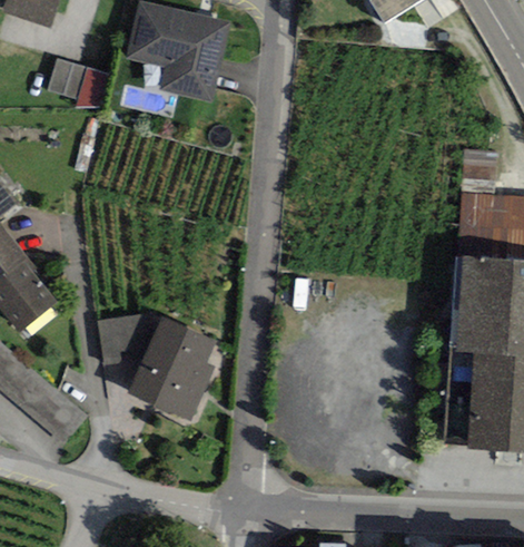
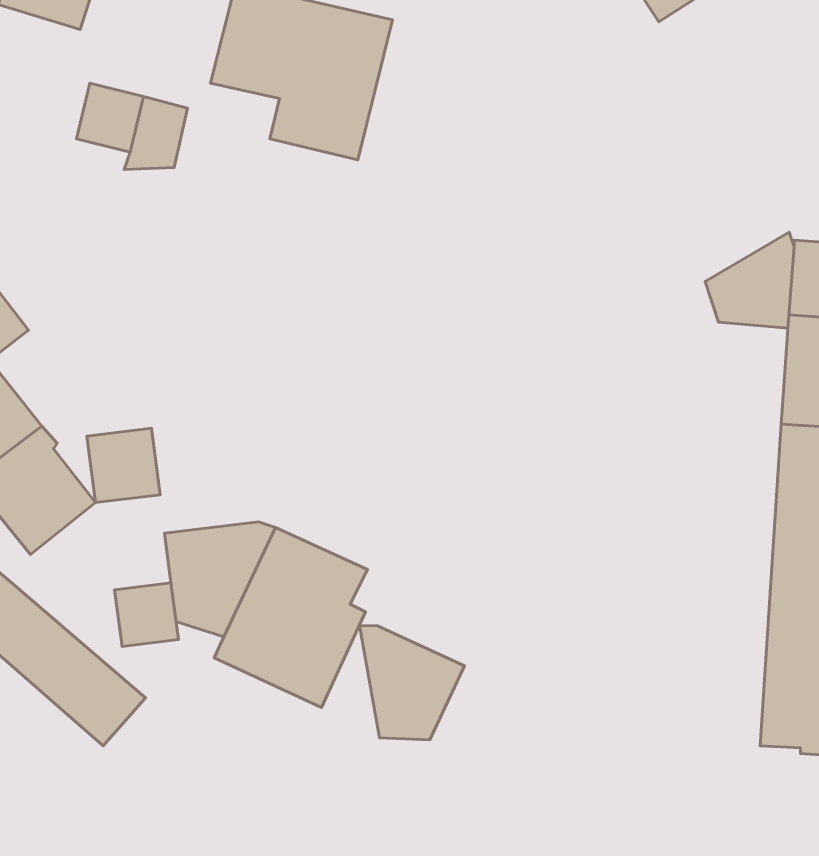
building: none -> [705,232,794,328]
building: none -> [87,428,160,503]
building: none -> [115,583,178,646]
building: none -> [359,625,464,740]

